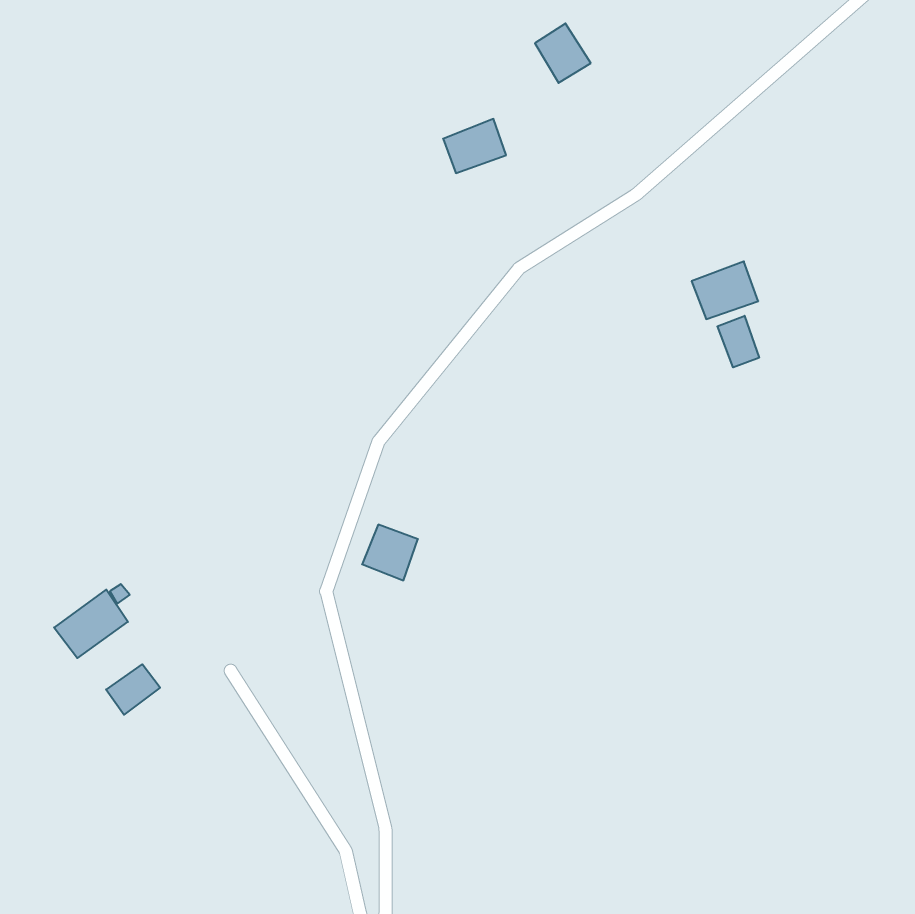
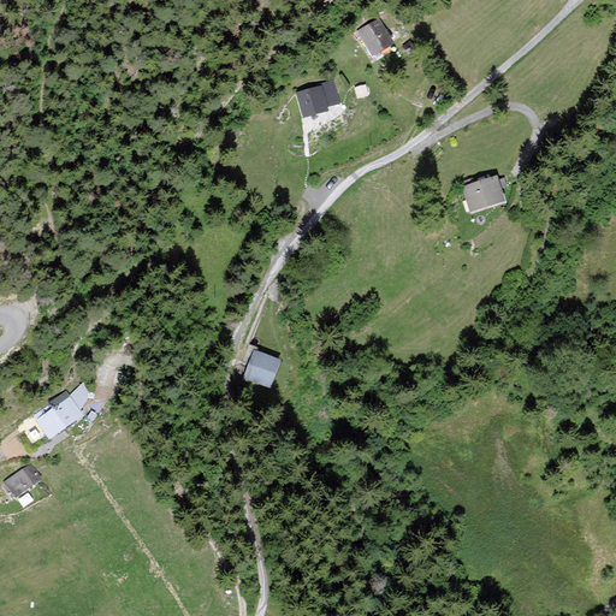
building: [717,316,759,367] -> none
building: [106,664,160,715] -> [6,463,42,497]

